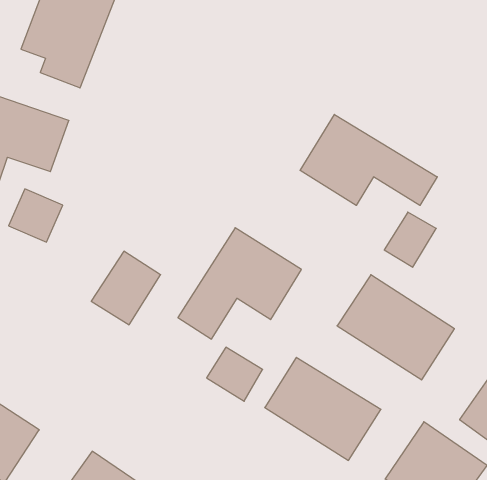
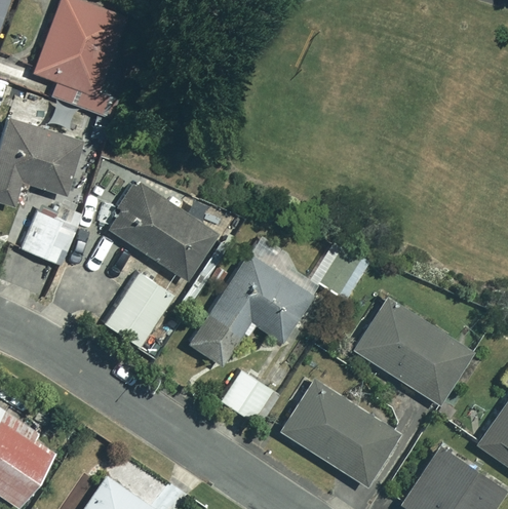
building: [300,114,437,205] -> none
building: none -> [106,183,217,280]
building: [384,212,436,267] -> [317,244,369,300]

